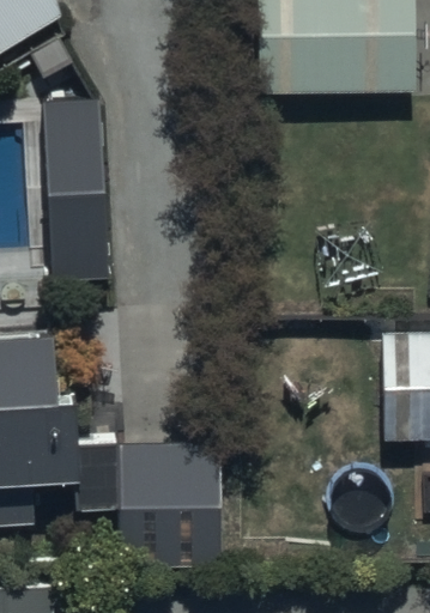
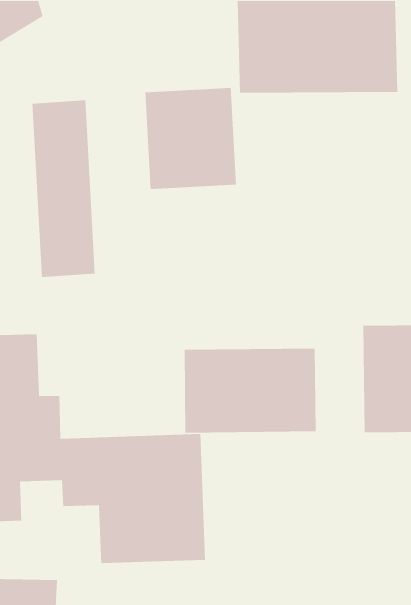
building: none -> [145,87,237,190]
building: none -> [184,348,316,433]

